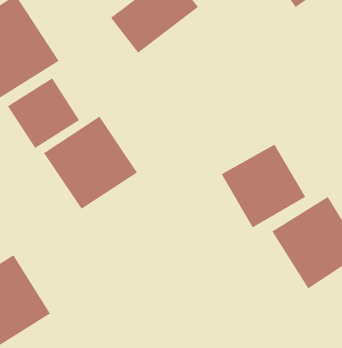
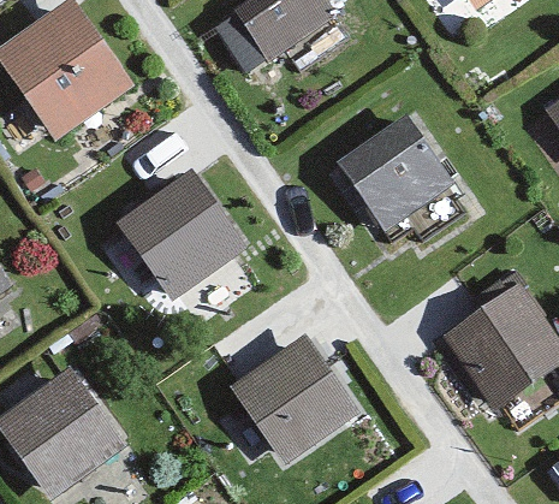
building: [7,78,80,149] -> none
building: [221,144,306,228] -> [335,111,457,231]
building: none -> [228,332,359,463]

